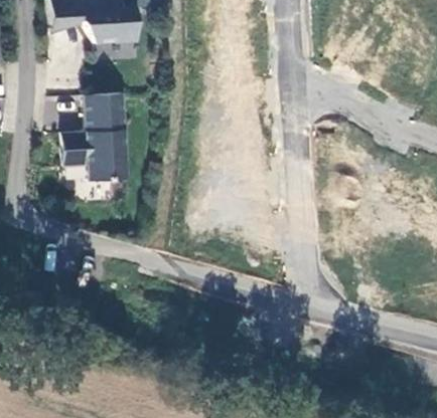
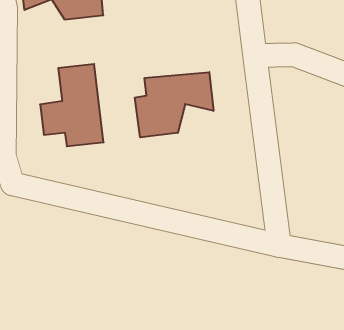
building: none -> [135,72,213,137]

